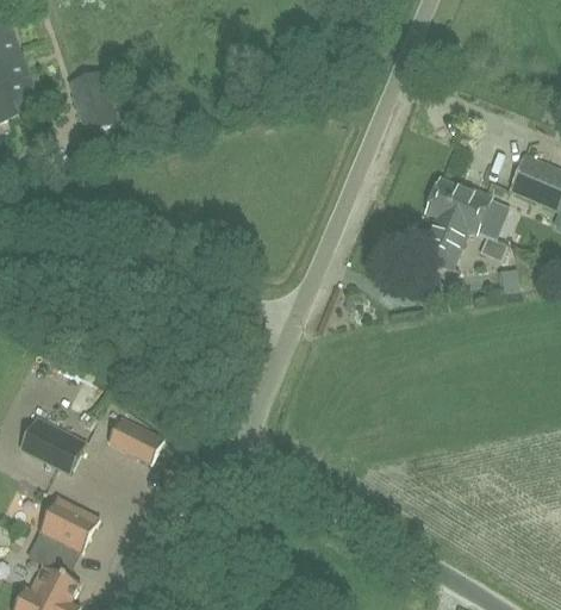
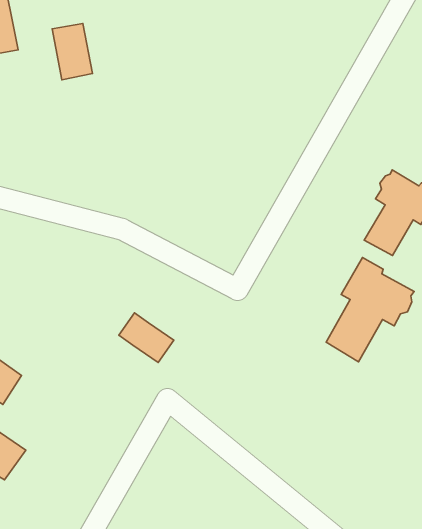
building: none -> [326,258,414,362]
building: [107,415,164,462] -> [119,313,174,362]

